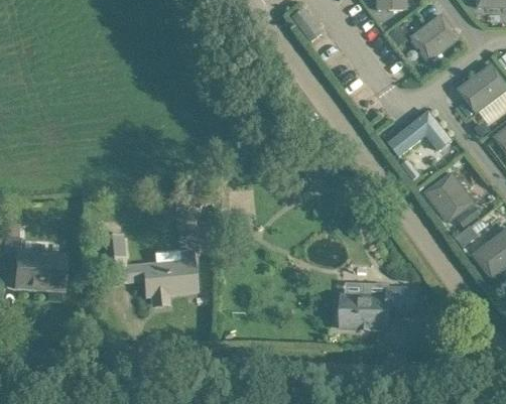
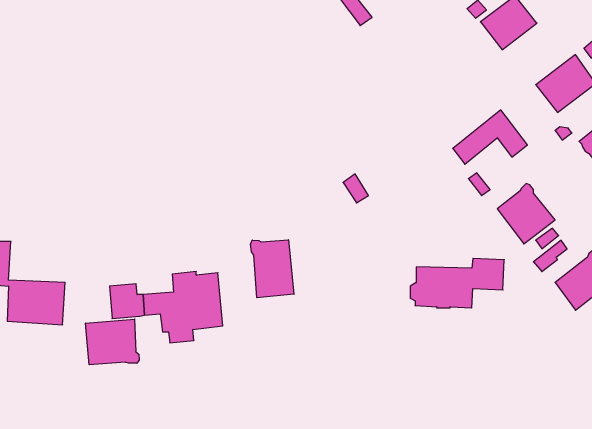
building: none -> [251,240,294,298]
building: none -> [86,319,139,365]
building: [336,287,414,328] -> [410,258,504,308]

